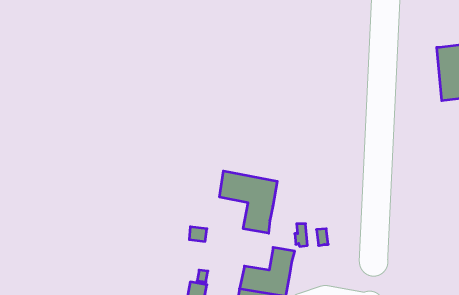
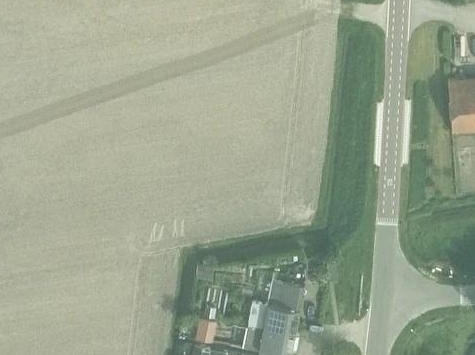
building: [220,171,277,233] -> none

